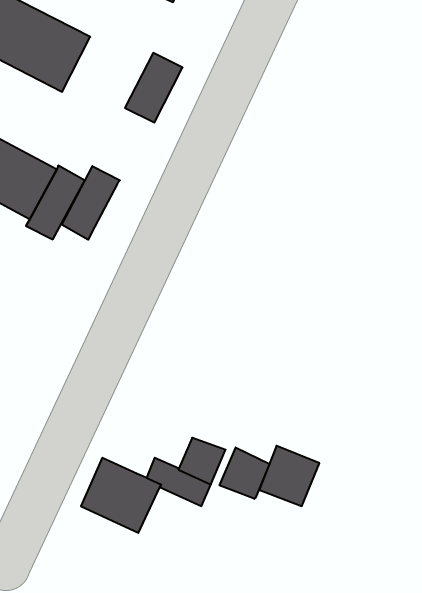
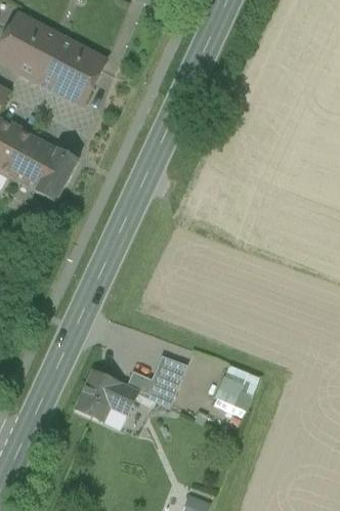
building: [125,53,183,123] -> [61,47,105,100]
building: [62,166,120,240] -> none
building: [220,447,269,499] -> none

